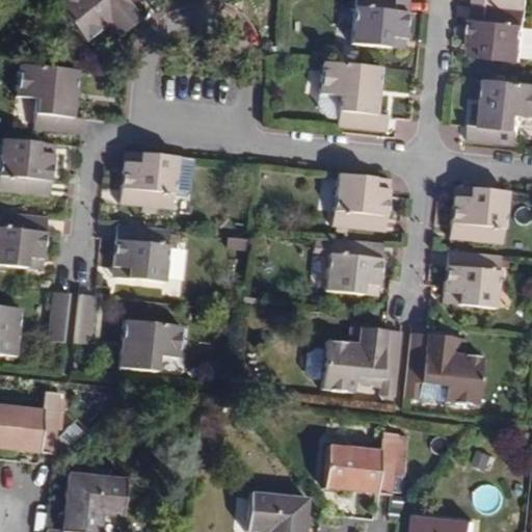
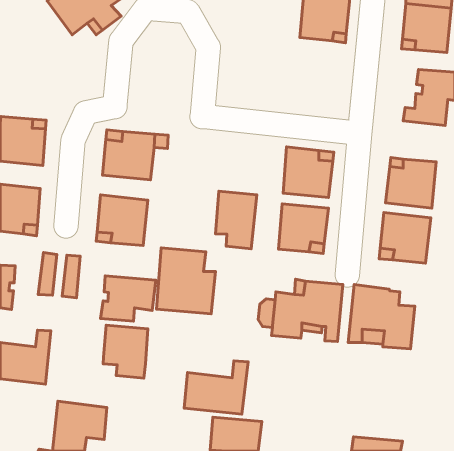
building: [20,61,86,130] -> none
building: [320,64,388,132] -> none
building: none -> [216,191,257,249]
building: none -> [157,248,216,314]
building: none -> [103,325,148,378]
building: [324,431,399,494] -> [184,361,248,414]

